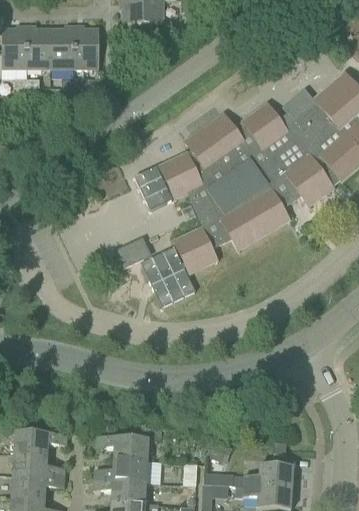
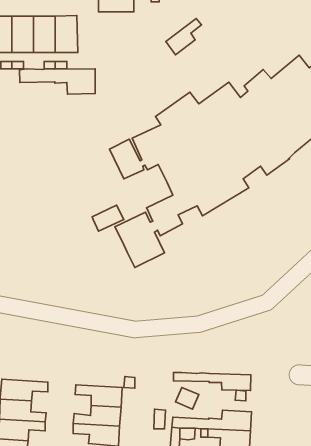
building: none -> [166,19,201,55]
building: none -> [19,69,95,94]
building: none -> [173,372,251,390]

